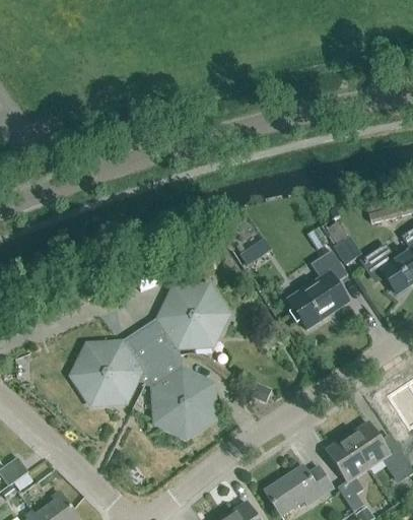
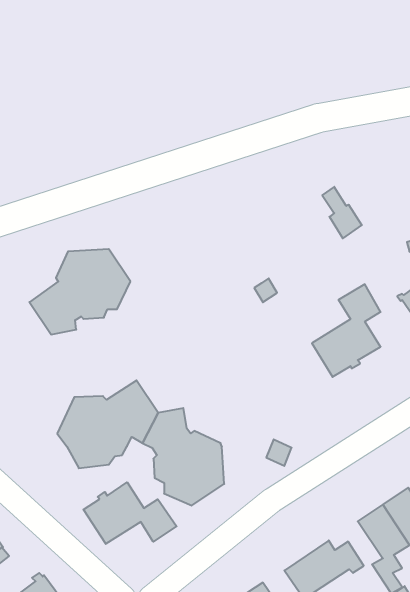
building: [327,220,360,264] -> [322,187,362,238]
building: [140,286,225,359] -> [29,249,130,334]
building: none -> [83,482,177,544]

